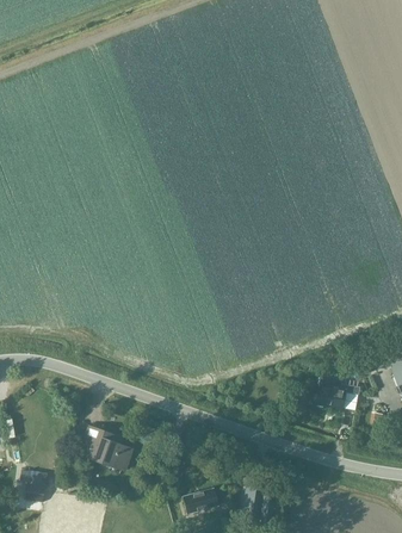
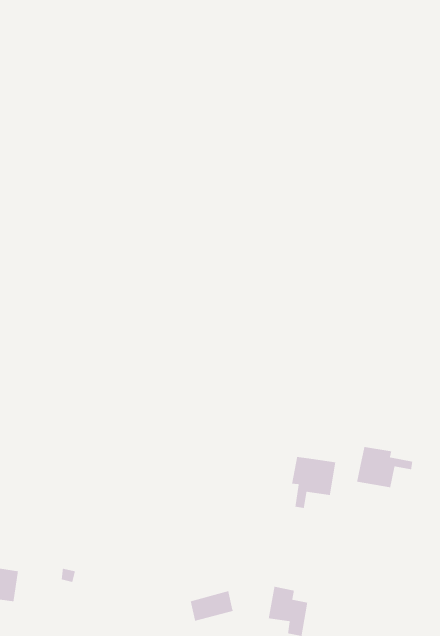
building: none -> [291,456,336,509]
building: [80,433,131,471] -> none

